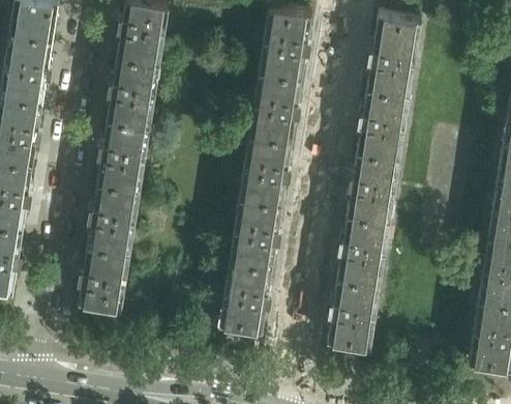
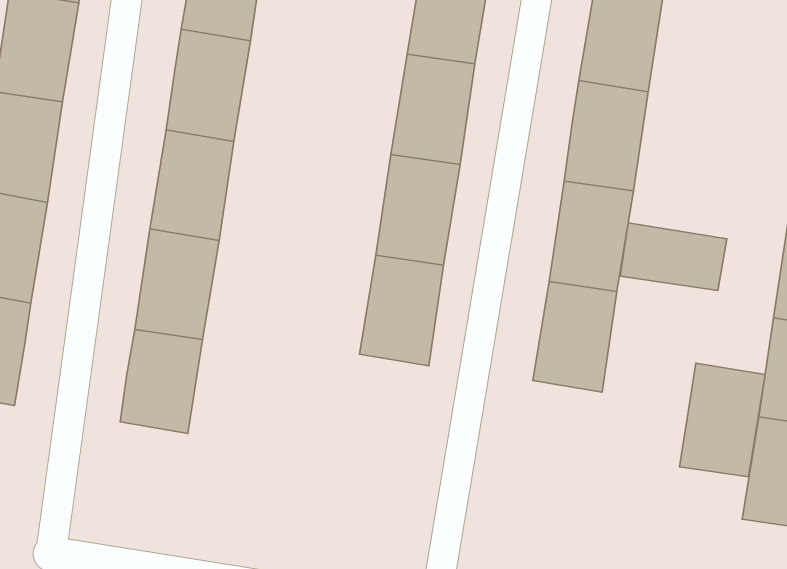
building: none -> [620,223,727,290]
building: [218,263,271,335] -> none
building: [326,280,380,351] -> [679,363,765,477]

